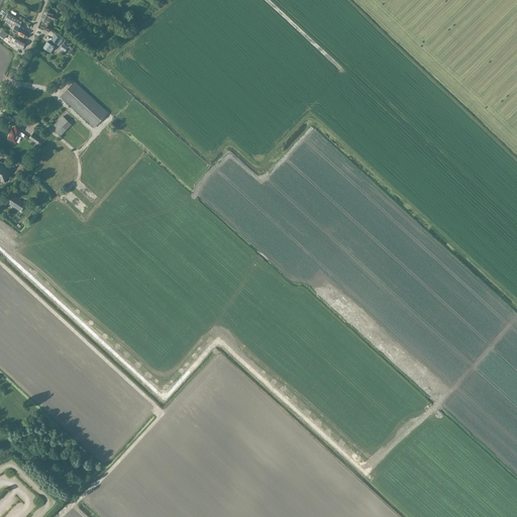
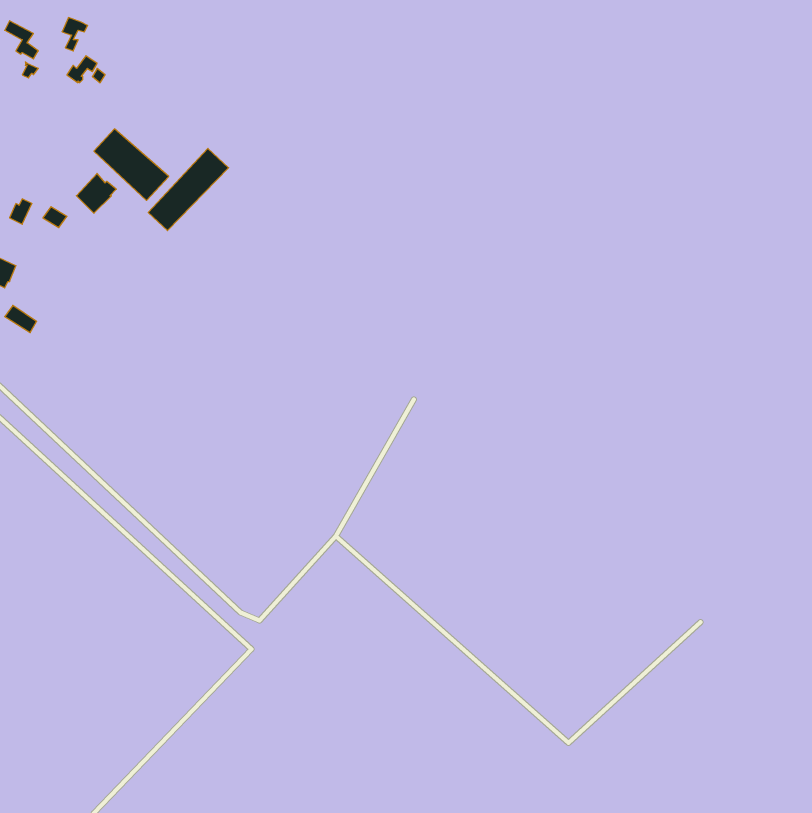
building: none -> [148,148,229,231]

